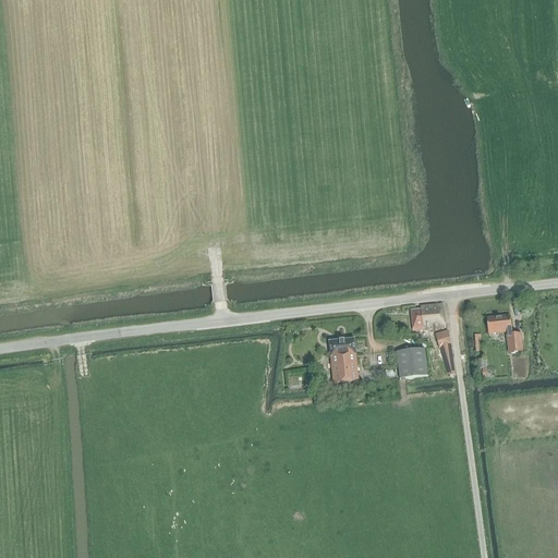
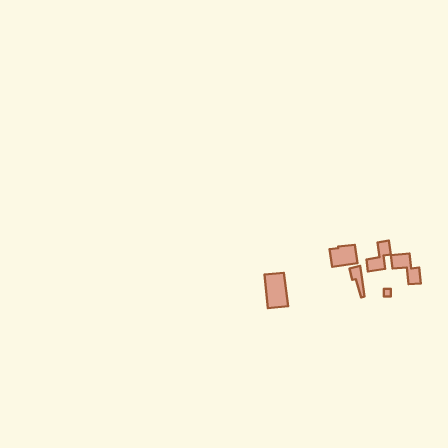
building: none -> [367,240,391,271]
building: [395,348,426,377] -> none

